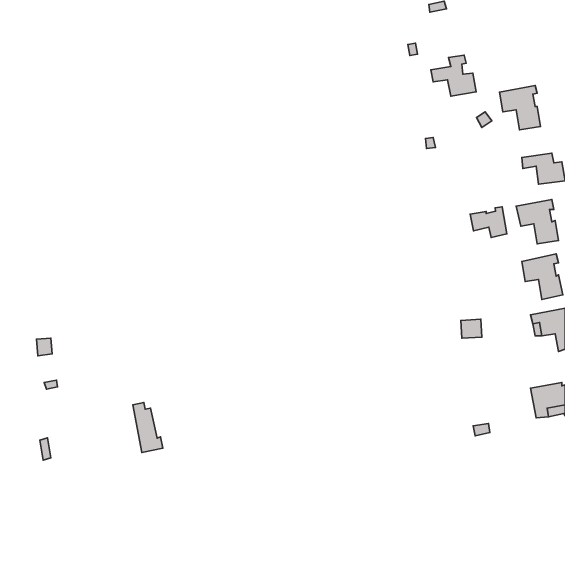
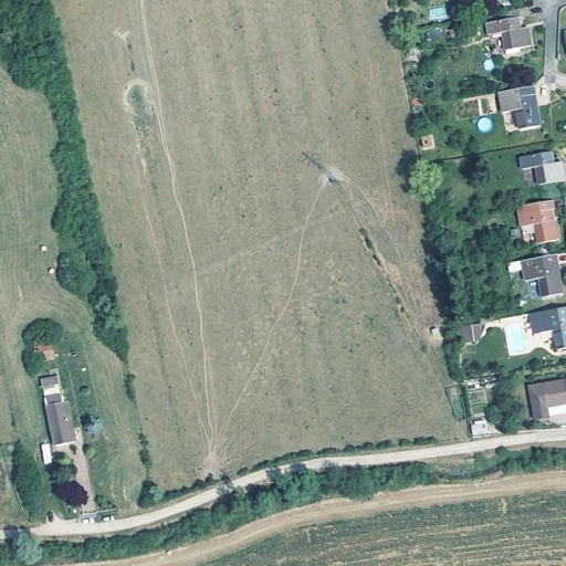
building: [431,55,476,96] -> [486,8,532,49]
building: [470,207,507,237] -> none
building: [133,403,163,452] -> [49,397,78,447]

